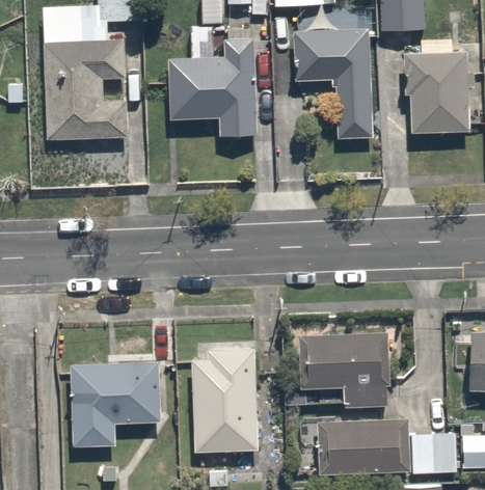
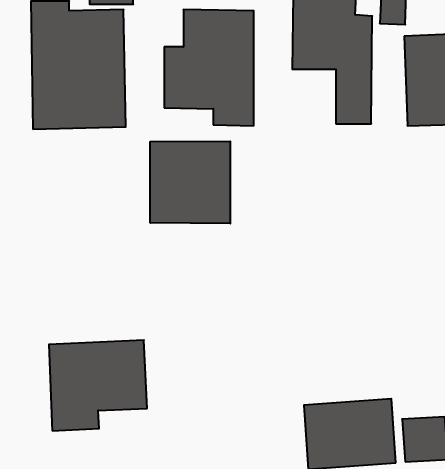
building: none -> [150,141,230,224]
building: [299,330,380,409] -> none
building: [187,352,251,451] -> none

